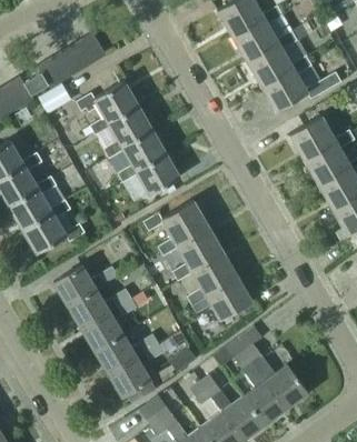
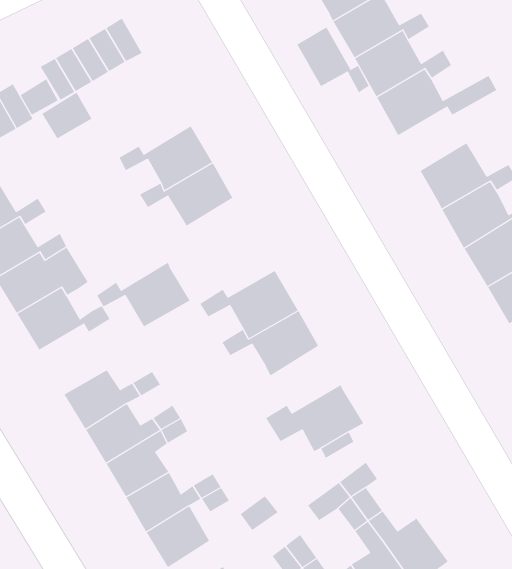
building: none -> [297,27,370,93]
building: [76,81,138,123] -> none
building: [118,152,180,195] -> [96,262,191,327]
building: [172,250,237,294] -> none

